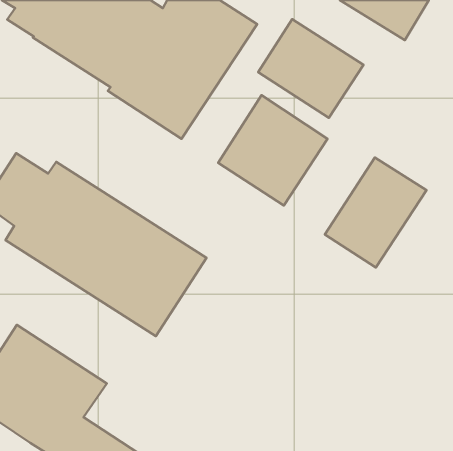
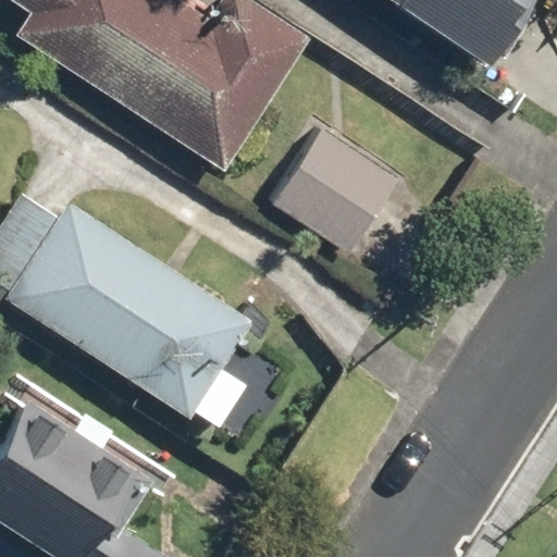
building: [258,19,363,118] -> none
building: [325,158,426,268] -> none

